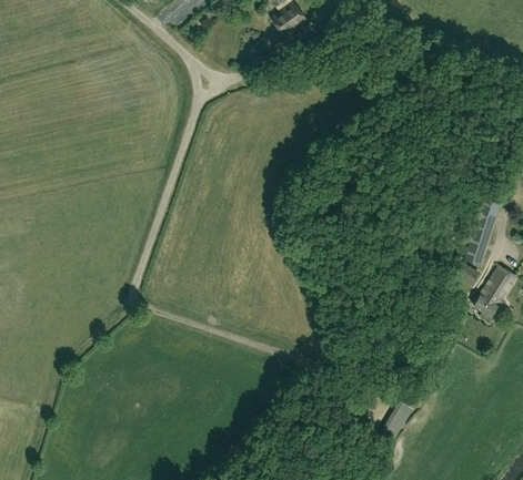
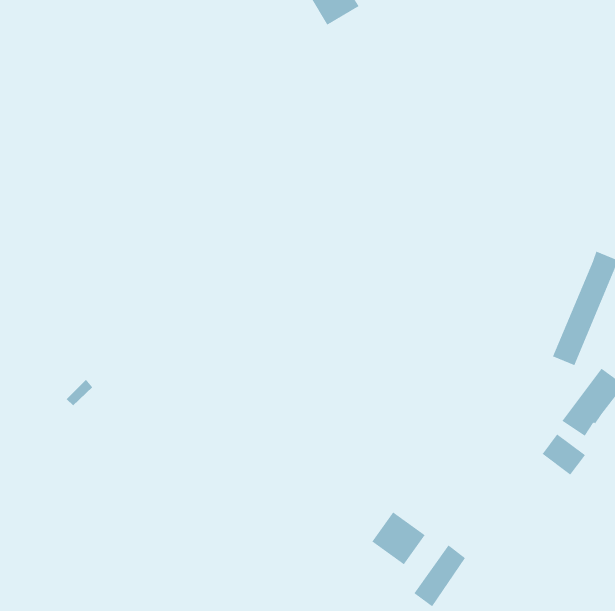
building: none -> [542,434,586,475]
building: none -> [372,512,425,565]

